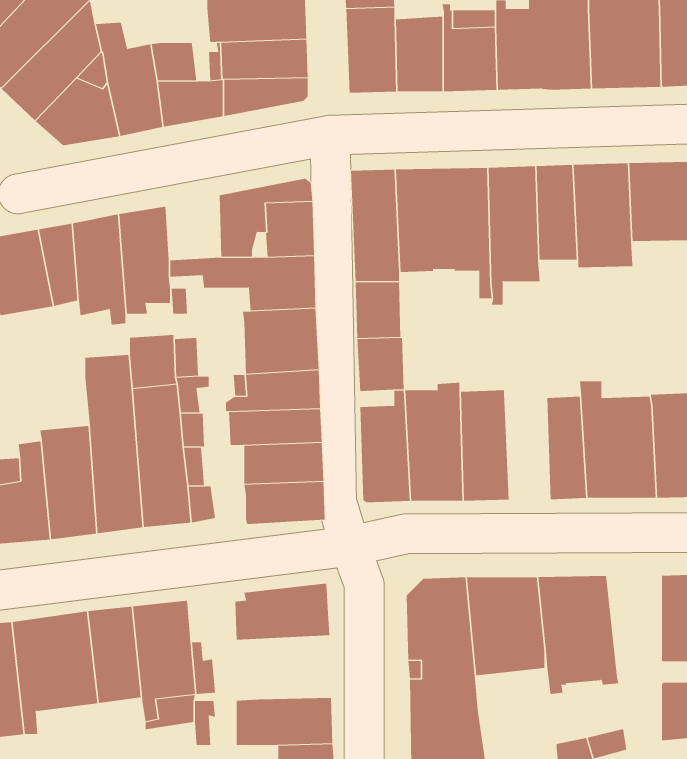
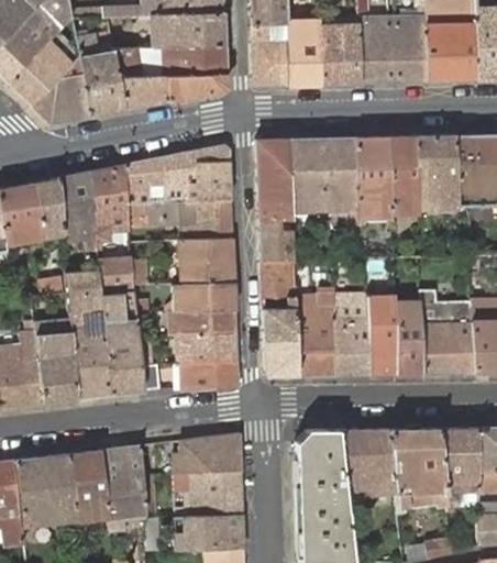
building: none -> [125,158,164,205]
building: none -> [366,298,398,375]
building: none -> [439,429,478,510]
building: none -> [174,472,243,518]

